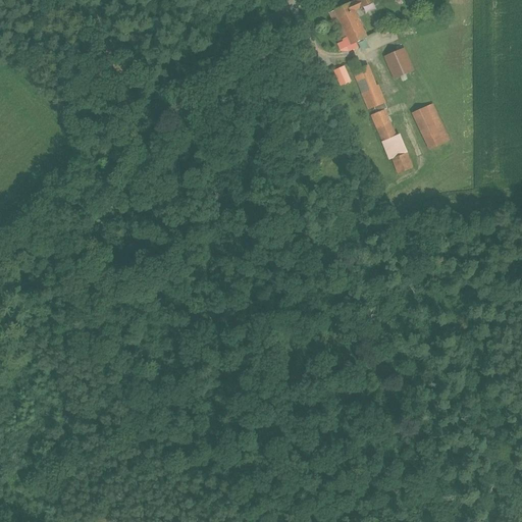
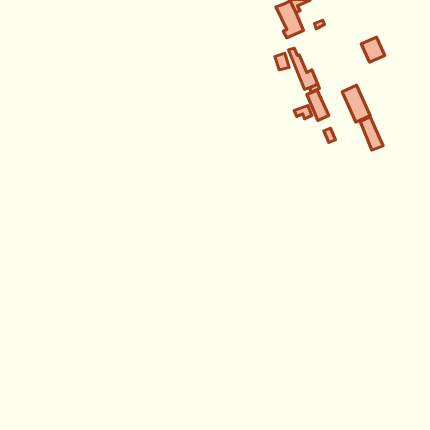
building: [384,47,413,77] -> [361,37,385,62]
building: none -> [360,117,383,150]

